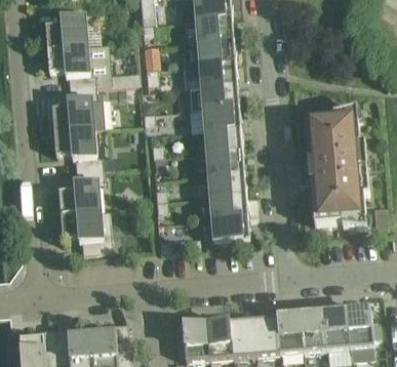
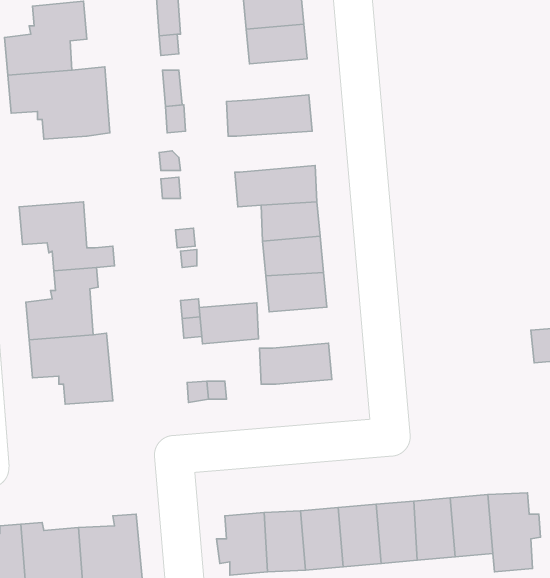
building: [197,38,234,64] -> none
building: [189,83,238,109] -> none
building: [51,86,104,130] -> none
building: [300,107,368,229] -> none
building: [209,193,246,218] -> [199,303,259,344]

